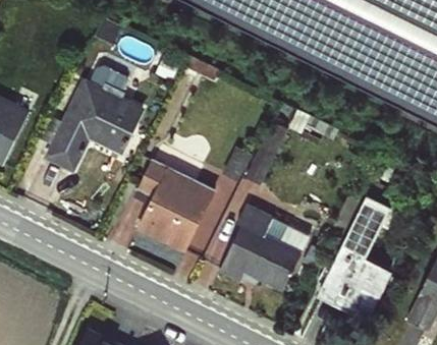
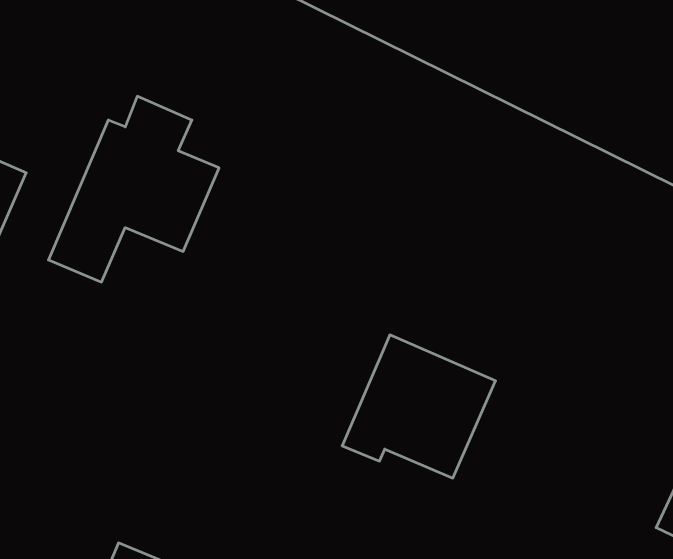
building: [136,159,222,254] -> none
building: [322,194,394,317] -> none

